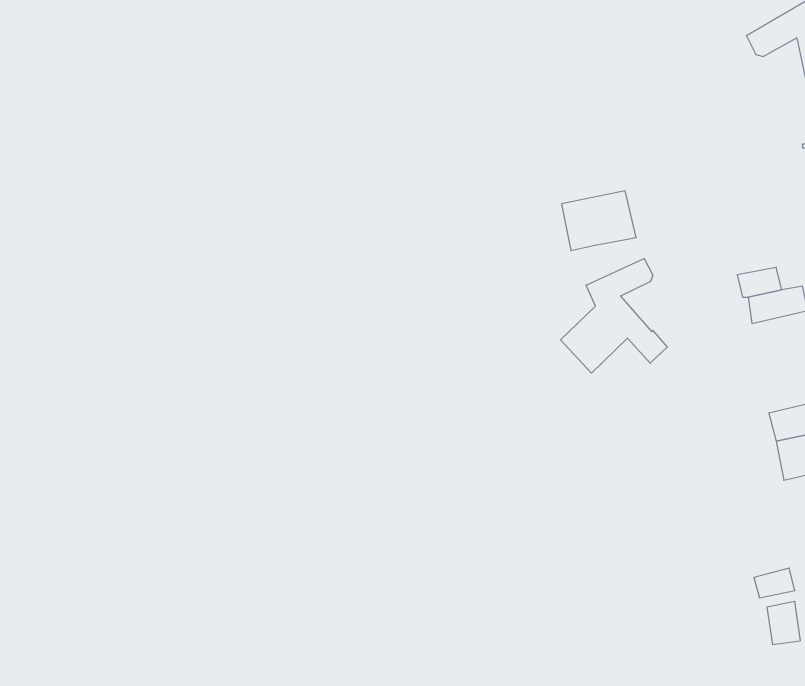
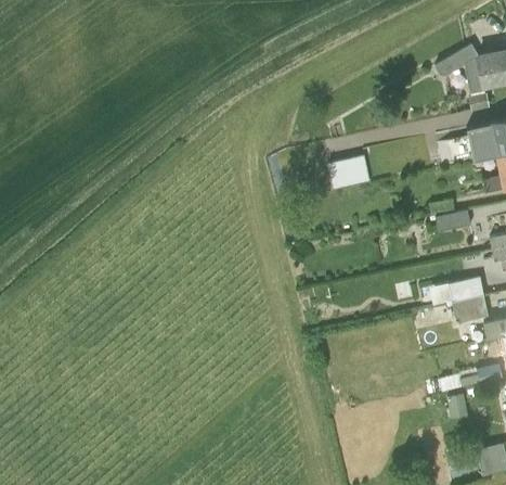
building: [560,259,667,373] -> none

